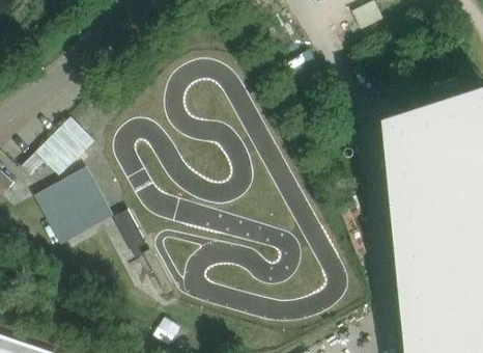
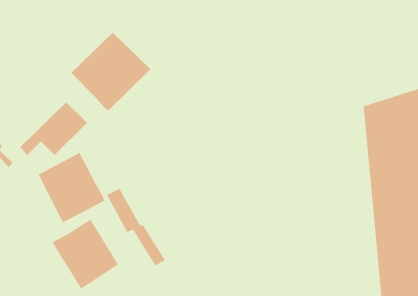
building: none -> [70,32,151,111]
building: none -> [52,219,119,289]

